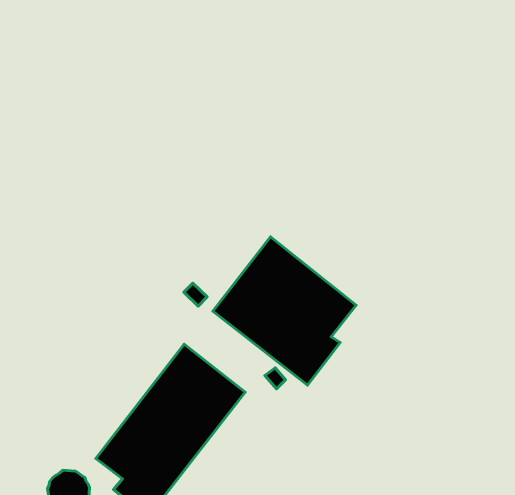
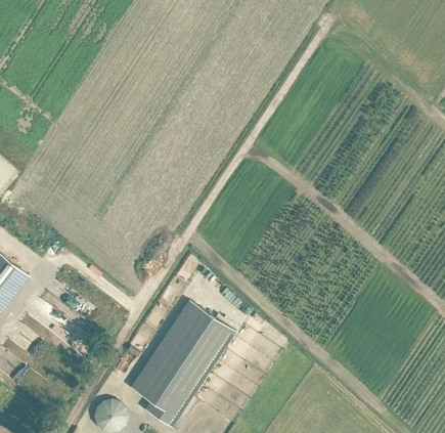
building: [213,237,356,385] -> none

